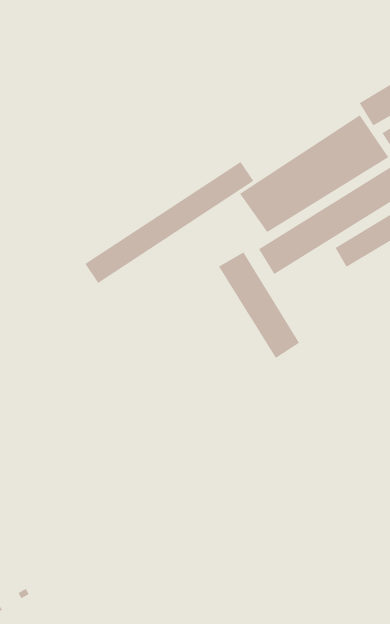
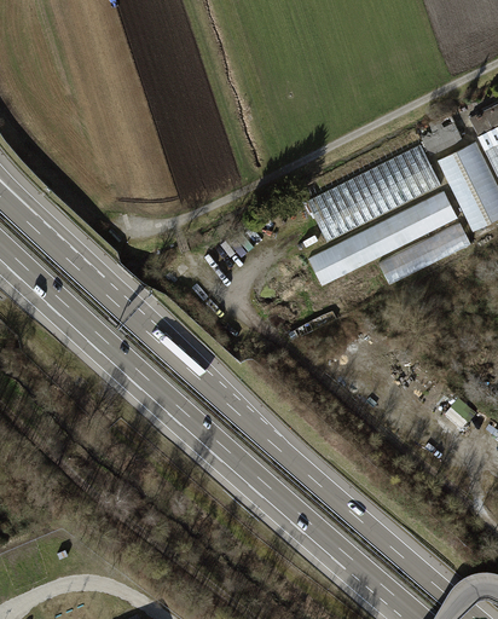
building: [84,161,254,284] -> none
building: [218,252,300,359] -> none

